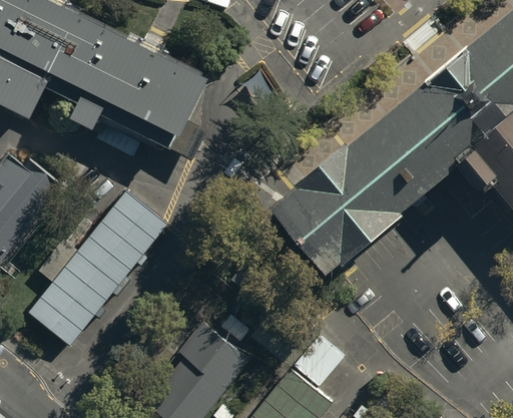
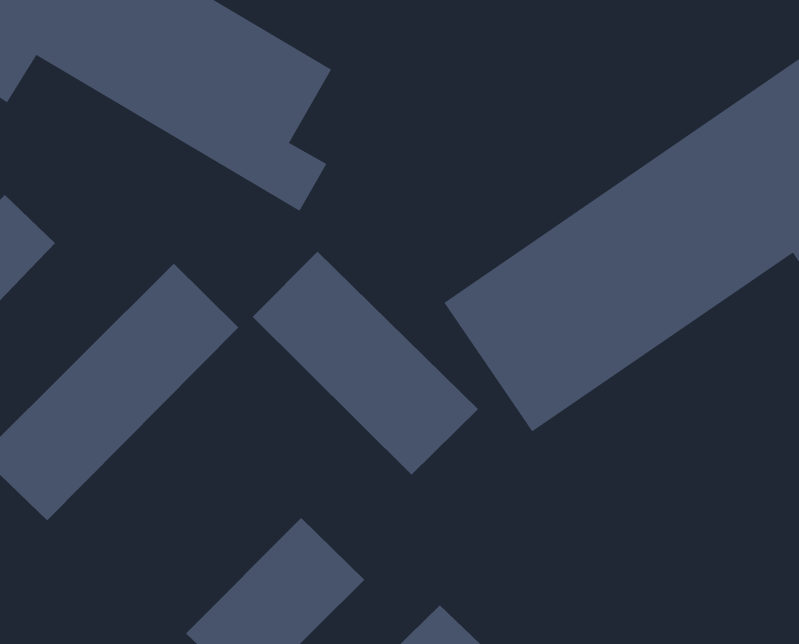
building: none -> [252,251,479,475]

